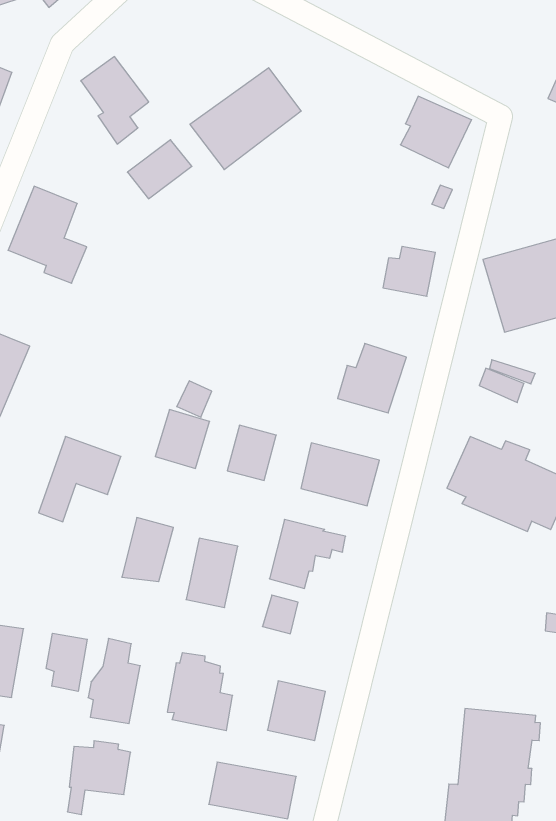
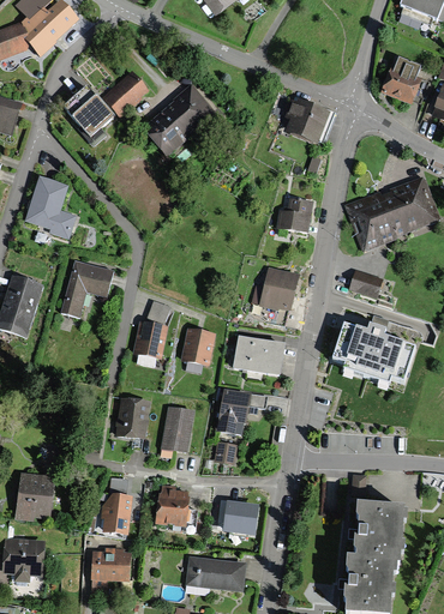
building: [127,140,192,199] -> [104,76,148,116]
building: [39,436,121,522] -> [60,259,113,317]
building: [46,633,87,691] -> none

